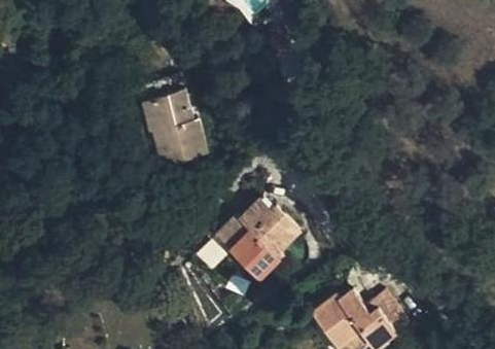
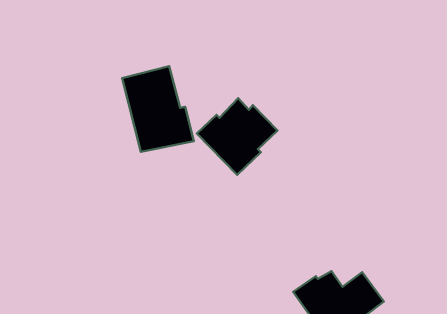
building: [217,199,302,279] -> [197,98,277,175]

